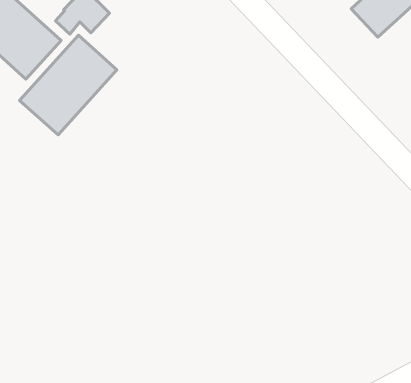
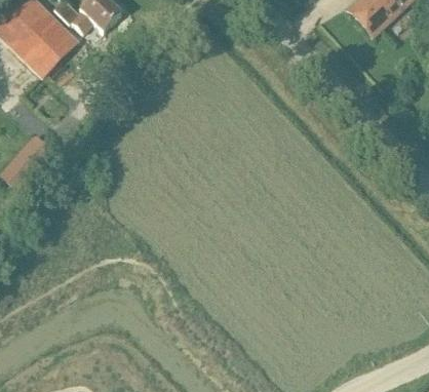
building: [19,35,117,135] -> none

